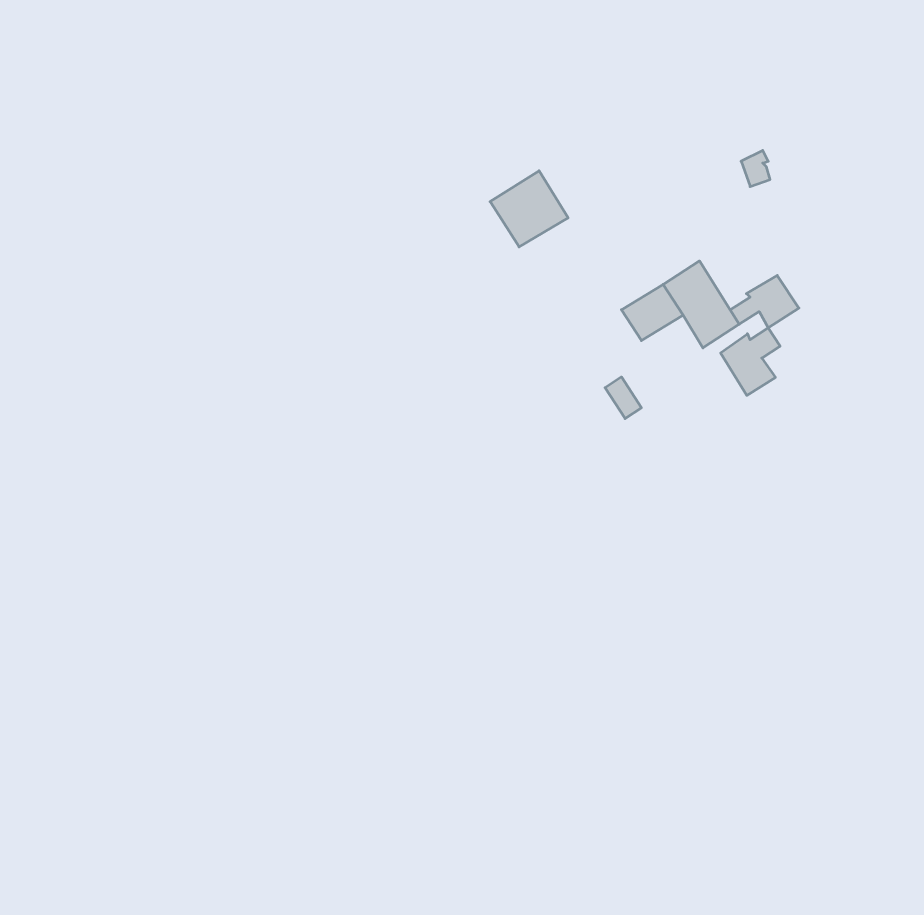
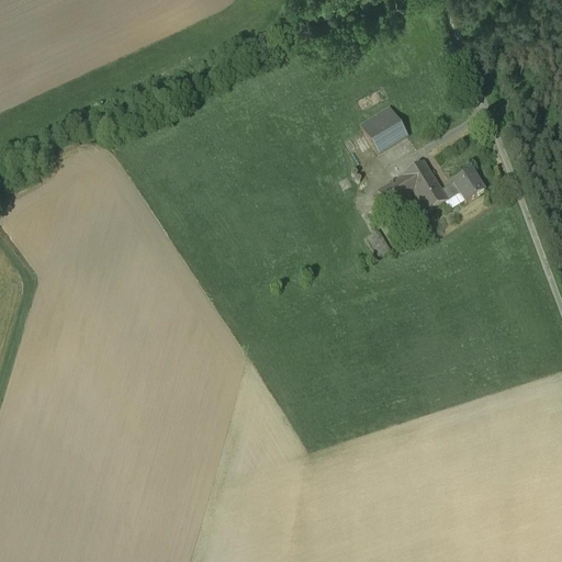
building: [490,171,568,247] -> [361,104,408,150]
building: [721,328,780,395] -> none

